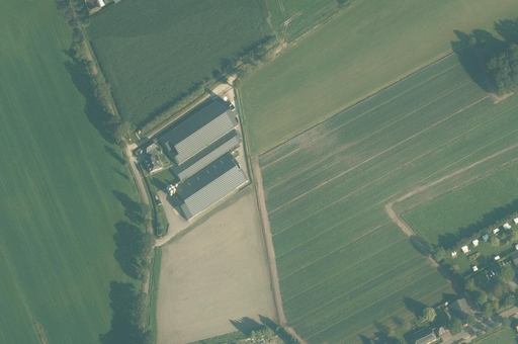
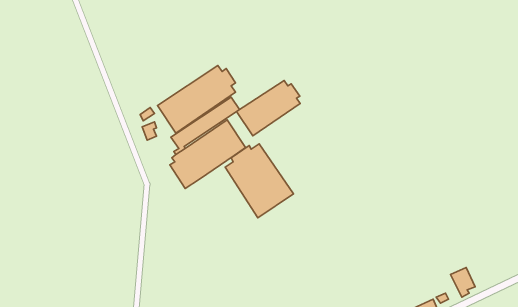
building: none -> [237,80,300,136]
building: none -> [225,144,293,218]

